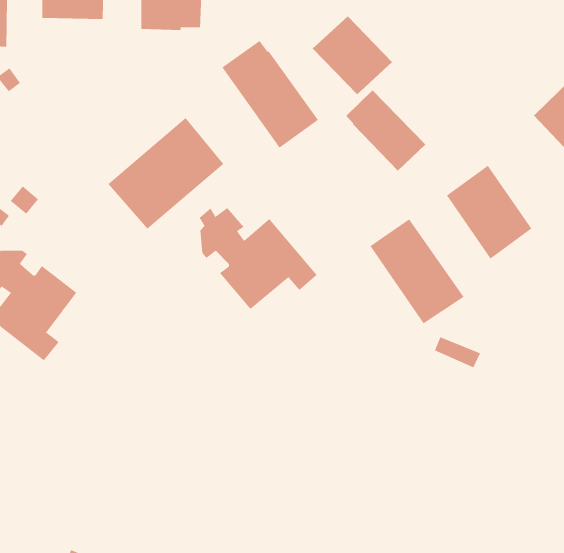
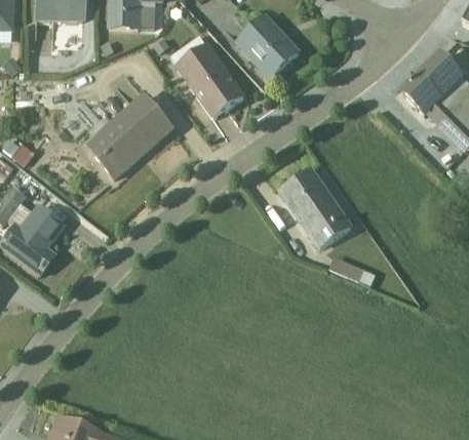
building: [345,89,426,172] -> none
building: [446,165,532,259] -> none
building: [199,207,318,310] -> none

